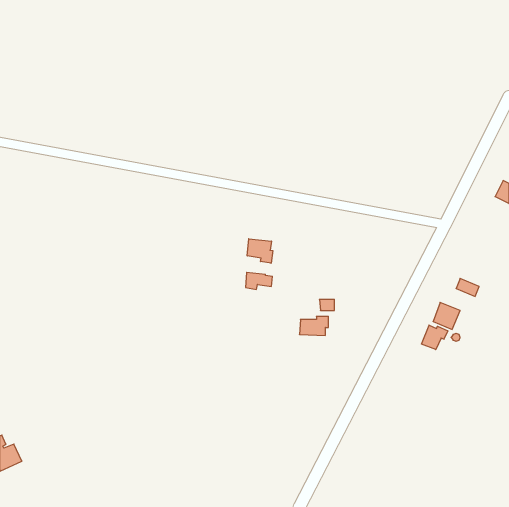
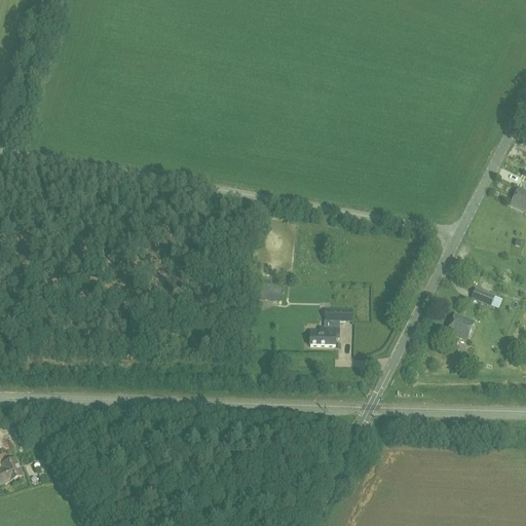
building: [247,239,273,263] -> none
building: [421,325,448,350] -> none

